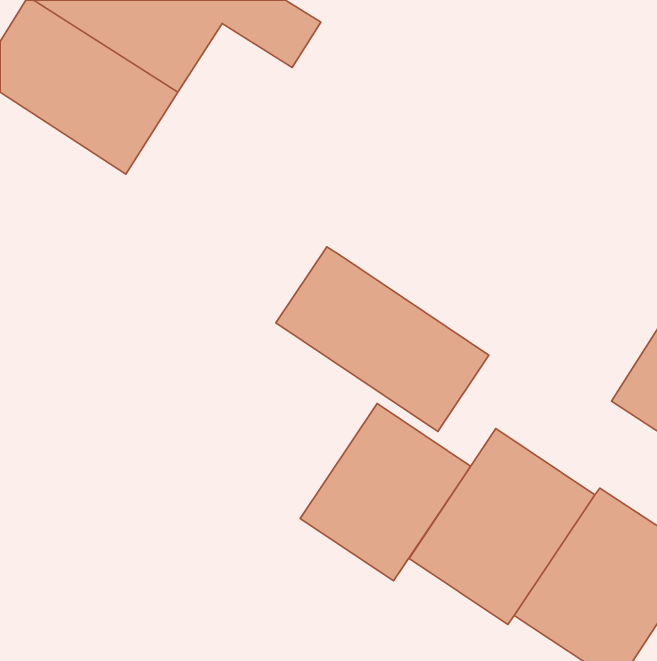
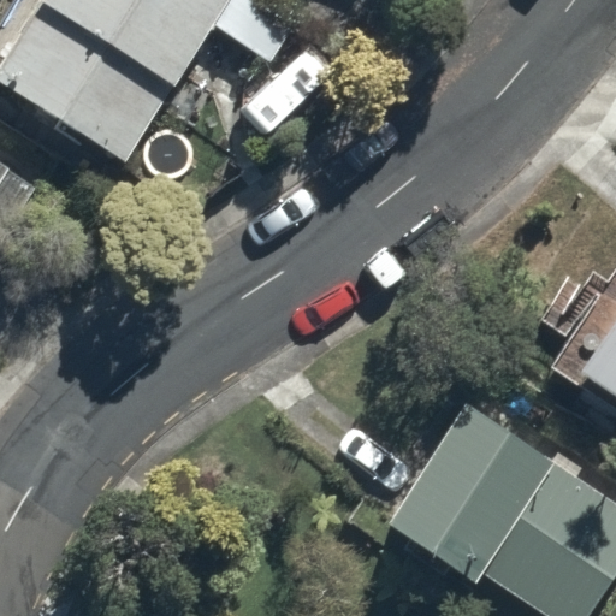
building: [276,247,489,432] -> none
building: [300,404,470,581] -> none

